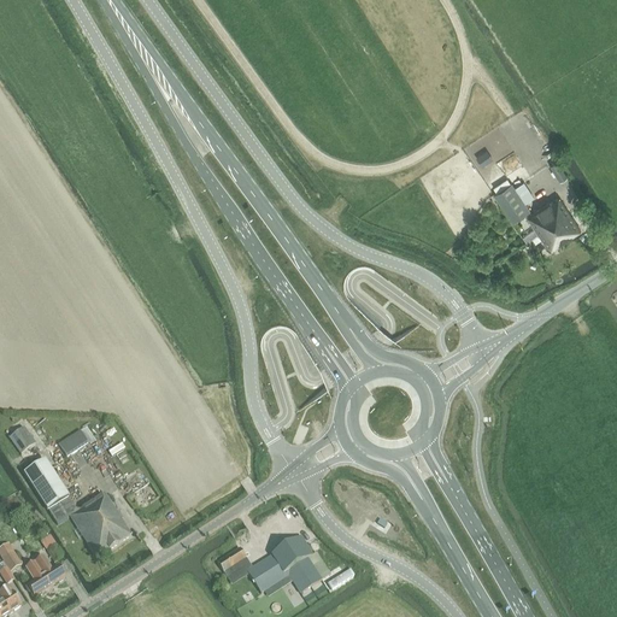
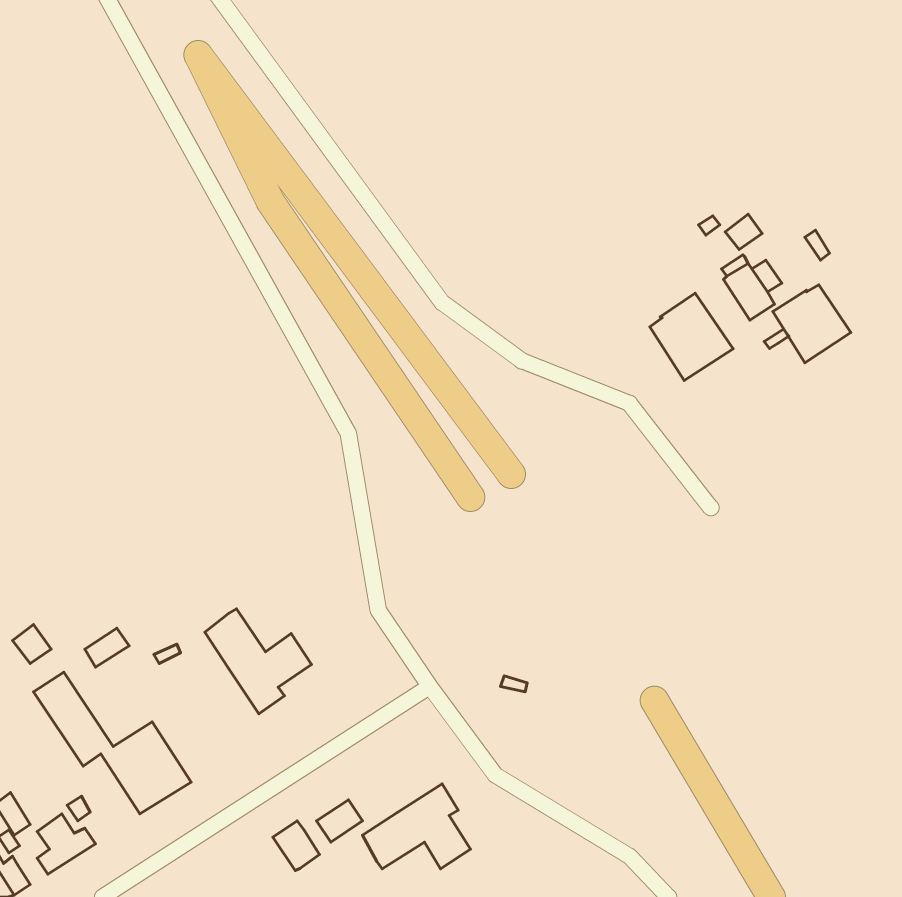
building: none -> [650,293,733,381]
building: none -> [205,609,312,714]
building: none -> [273,821,319,871]

